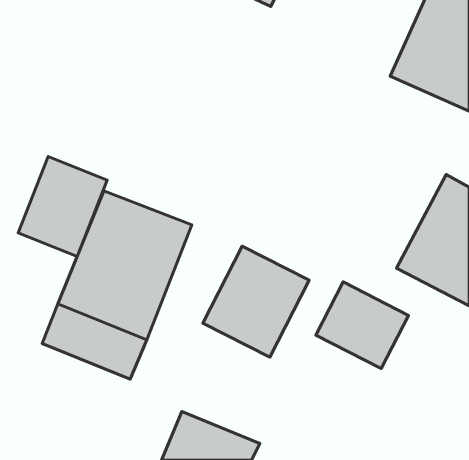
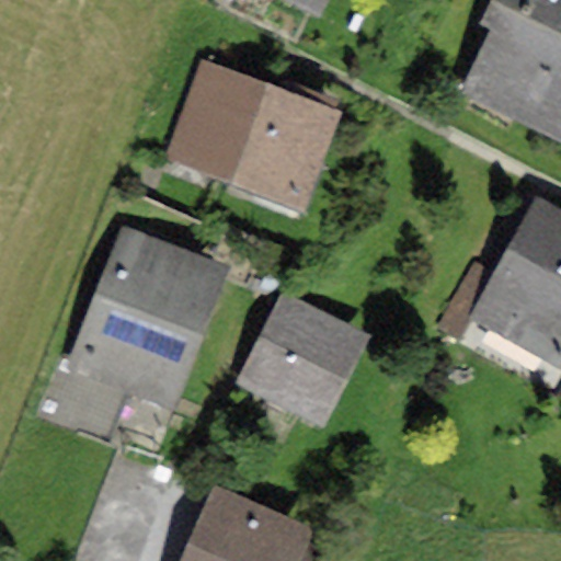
building: none -> [167,60,340,203]
building: [18,157,107,256] -> none
building: [316,282,409,369] -> none

